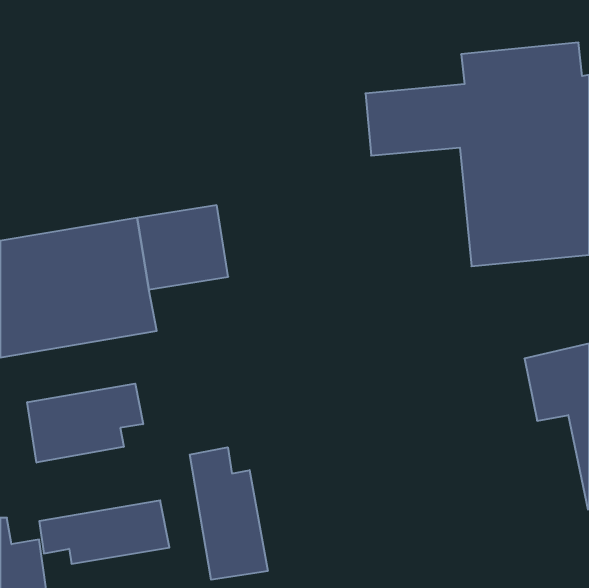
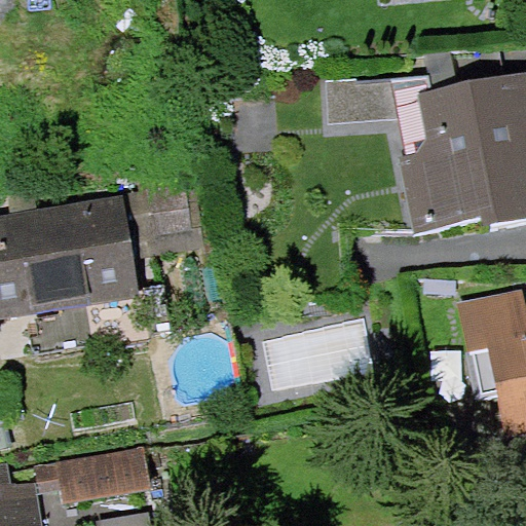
building: [27,384,143,463] -> none
building: [190,447,268,580] -> none

